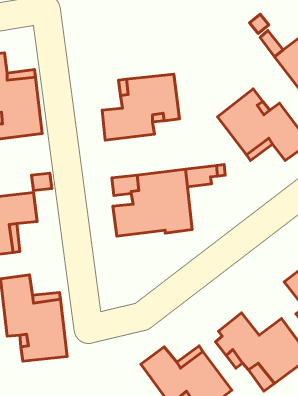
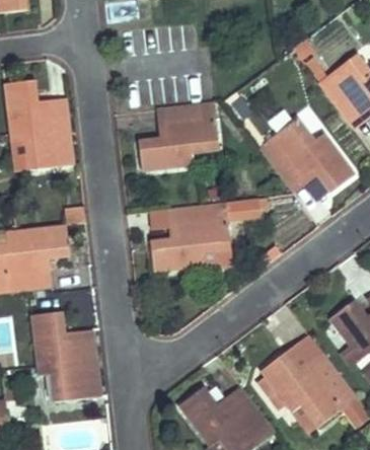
building: none -> [284,333,325,374]

